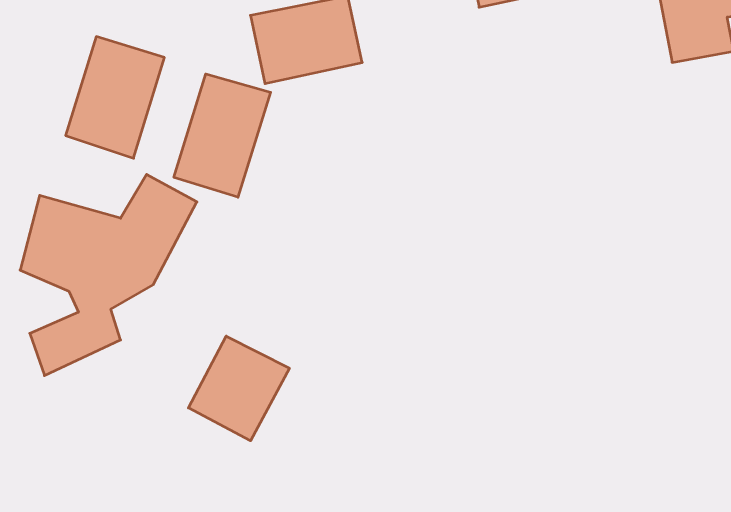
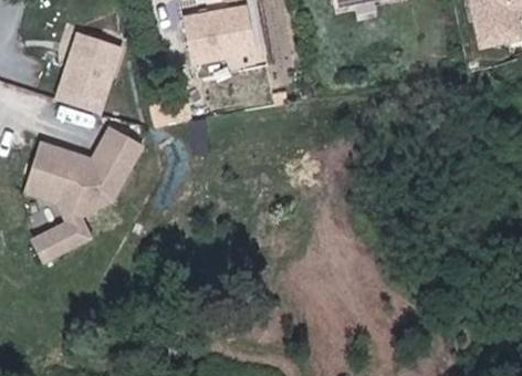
building: [174,74,271,197] -> none
building: [188,336,289,441] -> none

